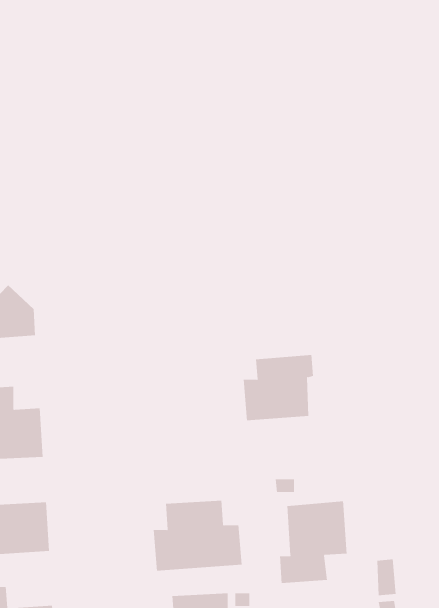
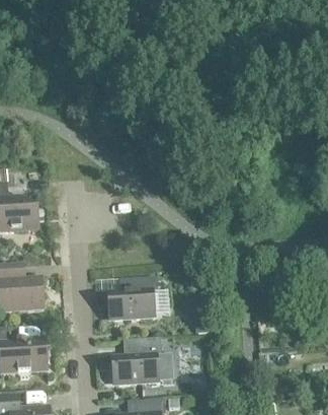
building: [243,355,314,421] -> [110,275,157,319]
building: [279,501,347,584] -> none

